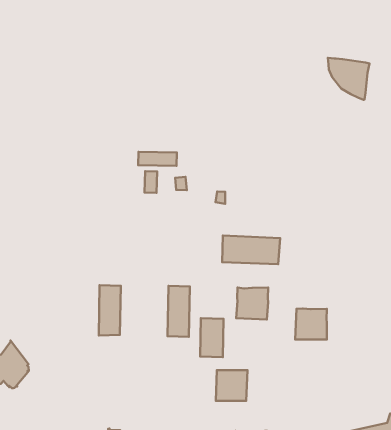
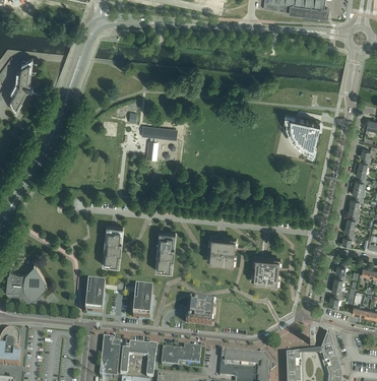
building: [328,58,369,100] -> [288,117,319,151]
building: [222,236,280,264] -> none
building: [200,318,223,357] -> [132,288,152,319]
building: none -> [84,282,105,314]

